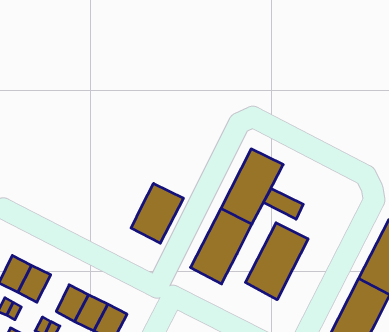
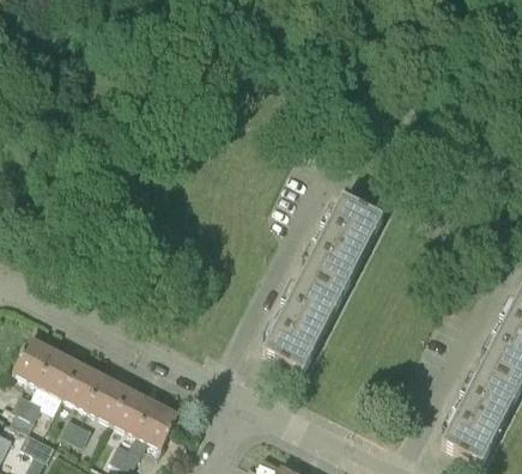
building: [131,183,183,243] -> none
building: [263,188,303,219] -> none
building: [245,223,308,300] -> none
building: none -> [62,361,104,409]

